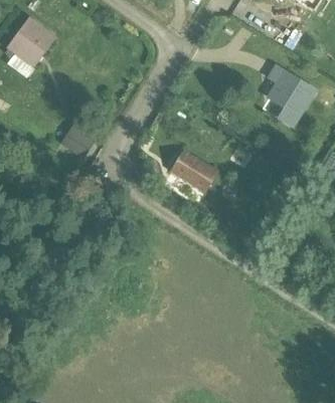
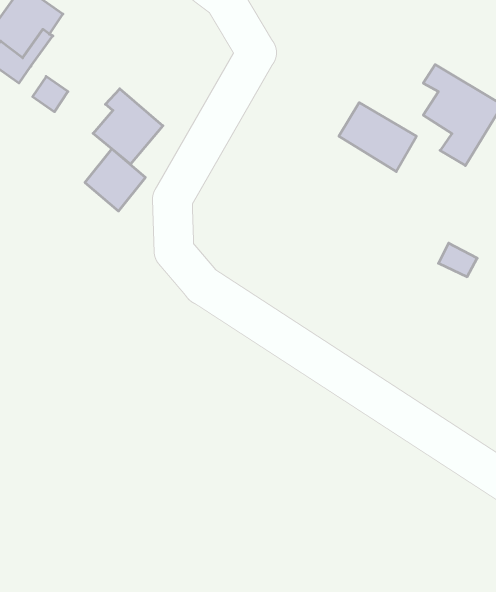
building: none -> [93,89,163,164]
building: [170,150,216,191] -> [339,103,416,172]

